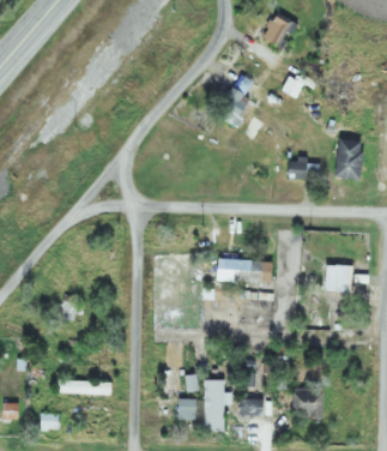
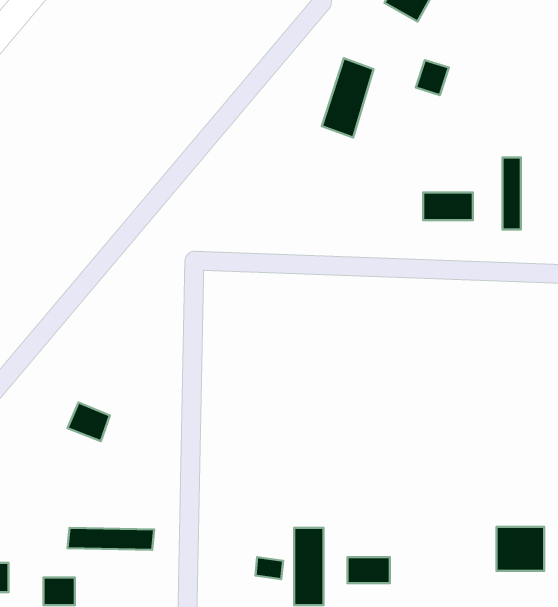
building: [216,260,272,282] -> none
building: [325,265,349,291] -> none
building: [292,389,323,417] -> [496,527,544,571]

